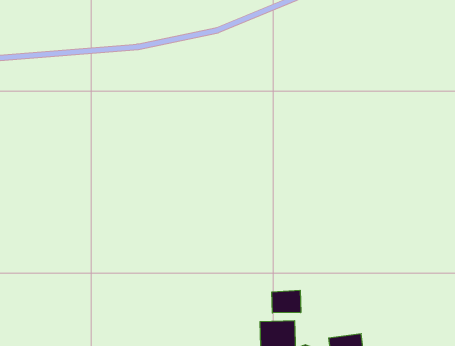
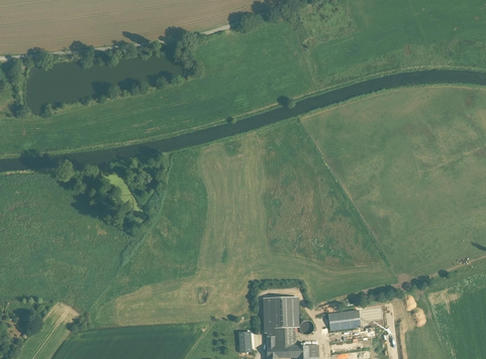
building: [272,290,301,313] -> none

